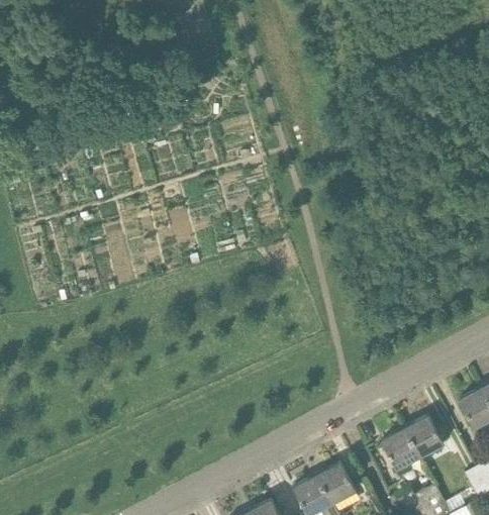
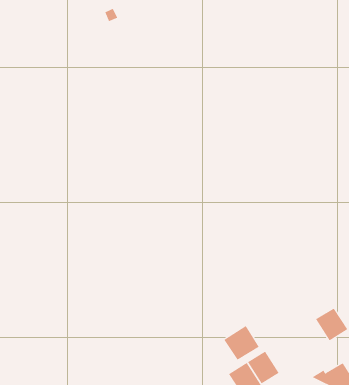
building: [381,429,419,471] -> none
building: none -> [223,325,260,360]

